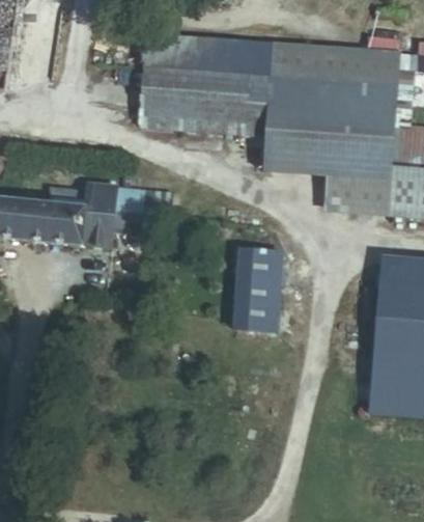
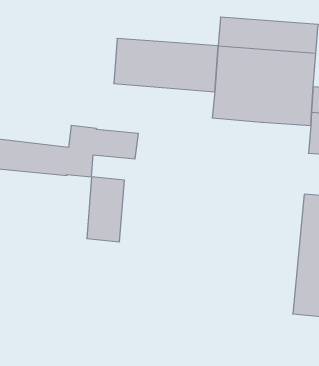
building: [148,31,279,77] -> none
building: [328,173,393,213] -> none
building: [227,251,275,333] -> [87,177,124,242]

